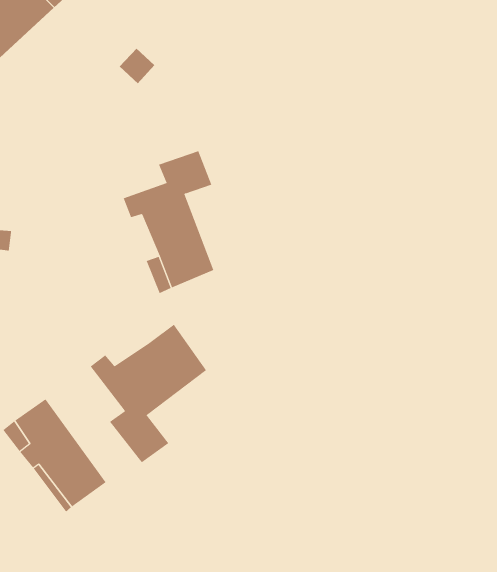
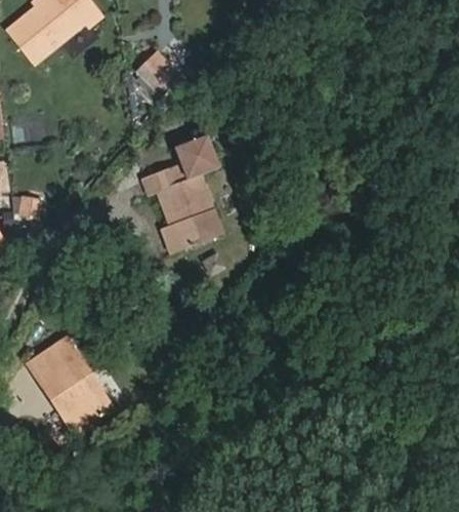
building: [90,324,207,463] -> none

